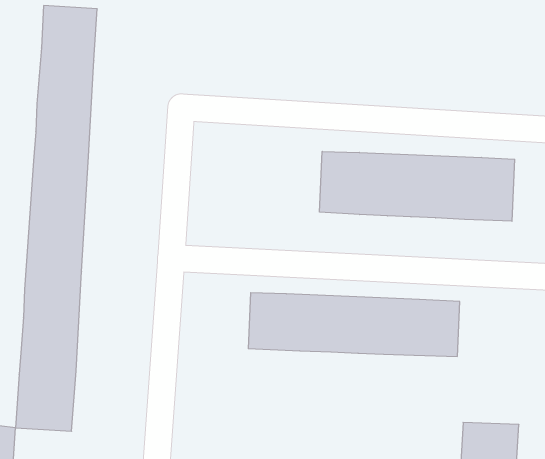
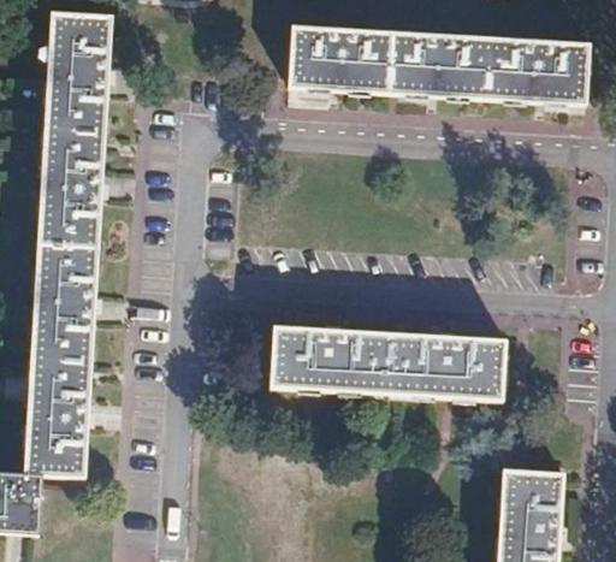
building: none -> [290,28,584,102]
building: [320,151,515,221] -> none

